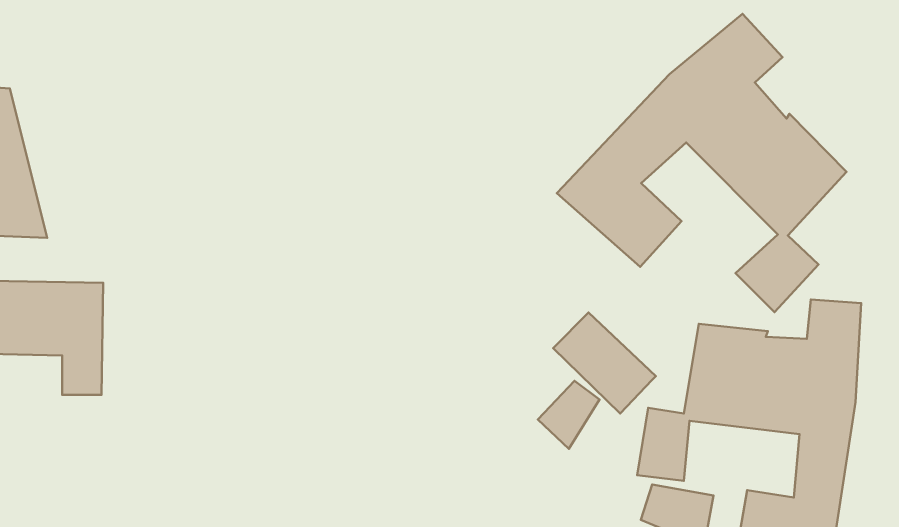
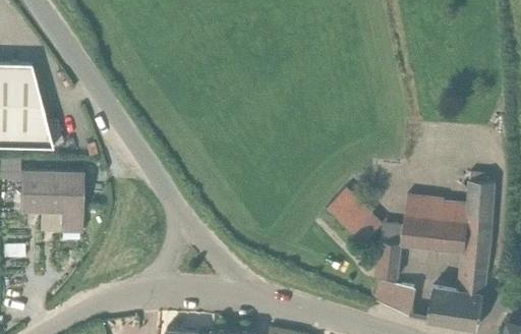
building: [557,14,846,312] -> none
building: [538,381,600,449] -> none

